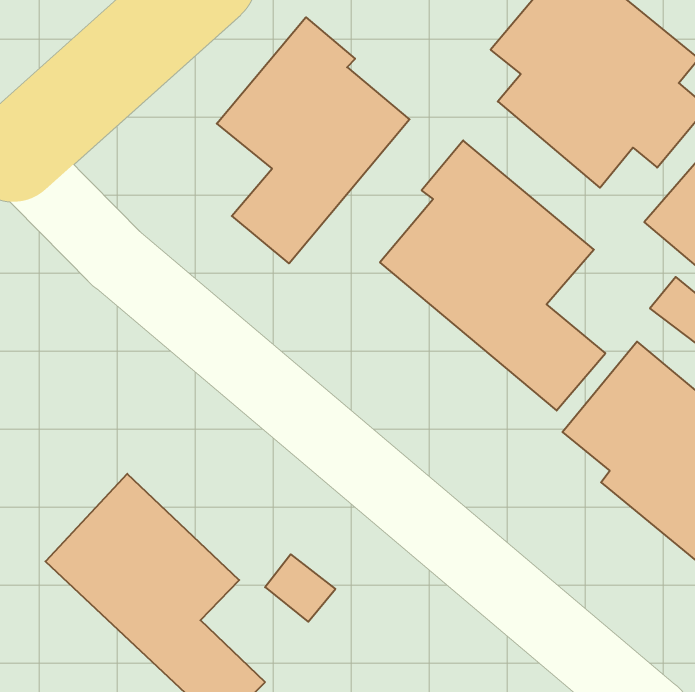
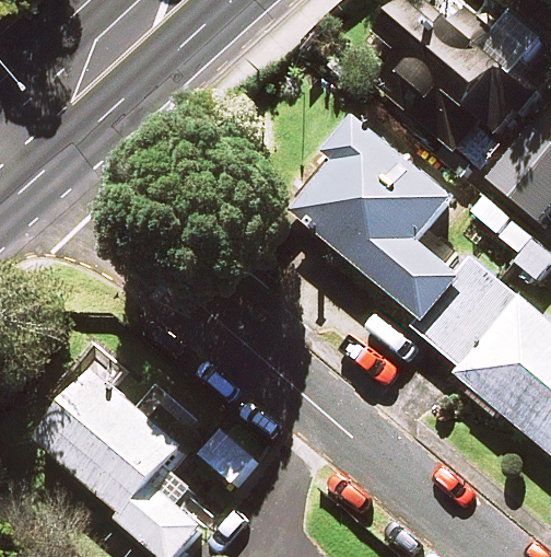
building: [217,17,410,263] -> none

